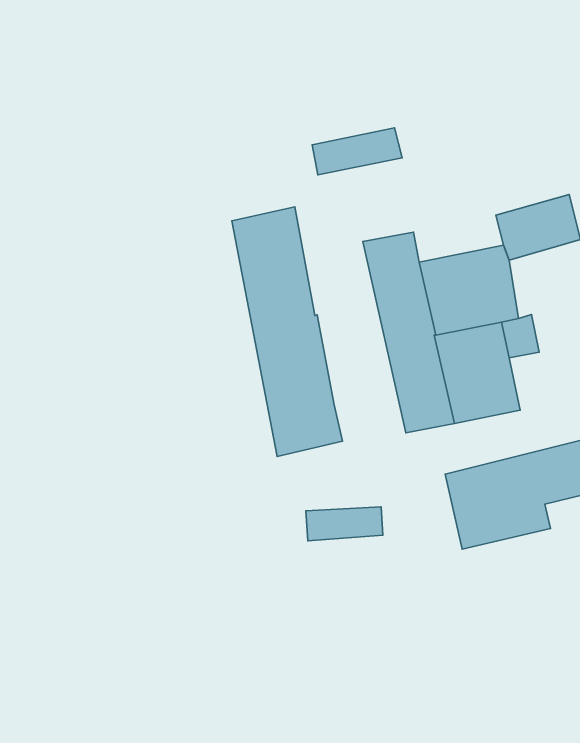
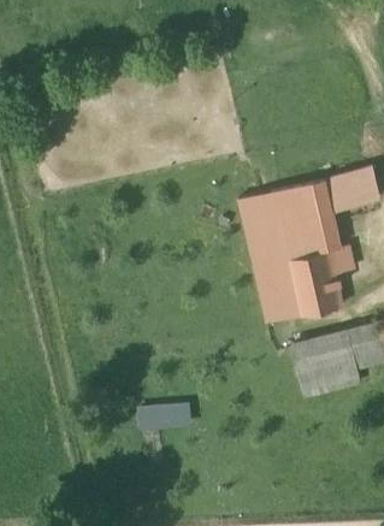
building: [312,128,402,175] -> [272,181,330,211]
building: [232,207,343,456] -> none
building: [306,507,383,541] -> [140,404,189,426]

